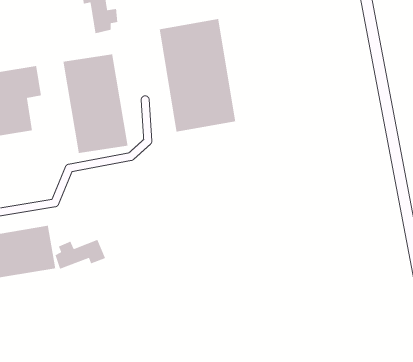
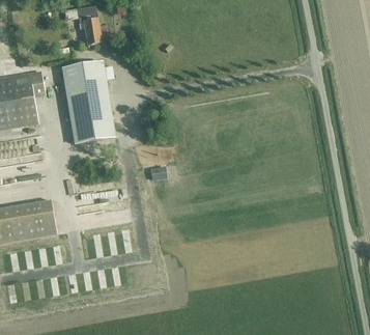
building: [159,18,236,133] -> none
building: [55,239,106,270] -> none

